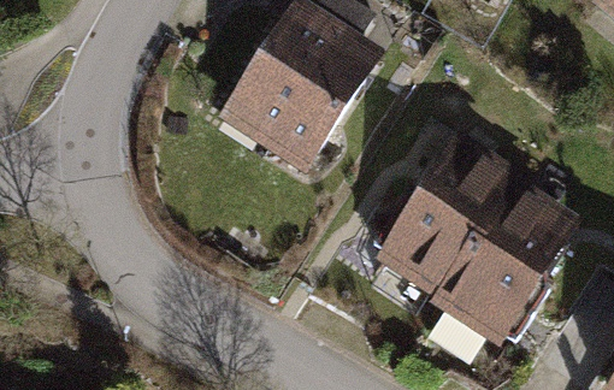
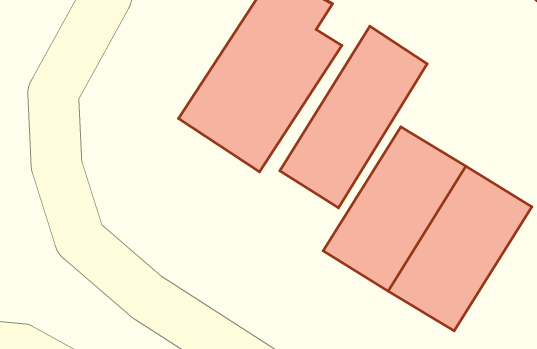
building: none -> [280,26,427,208]

